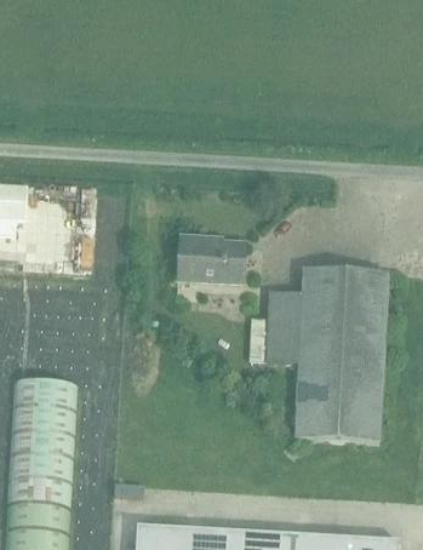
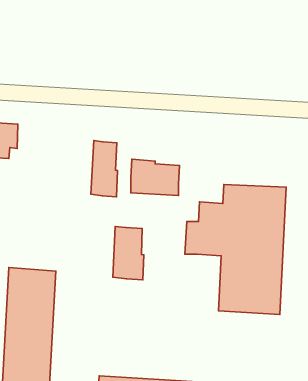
building: none -> [91,141,118,197]
building: none -> [113,226,144,280]

